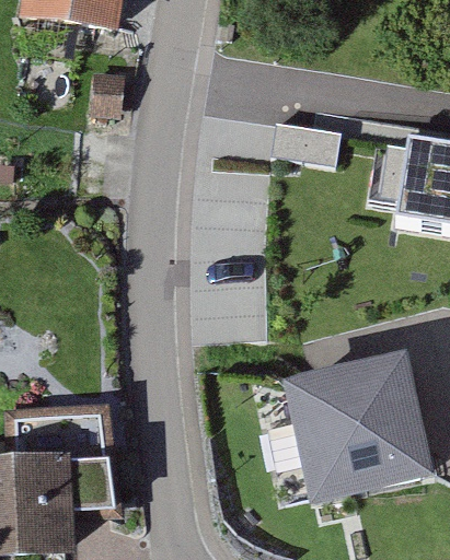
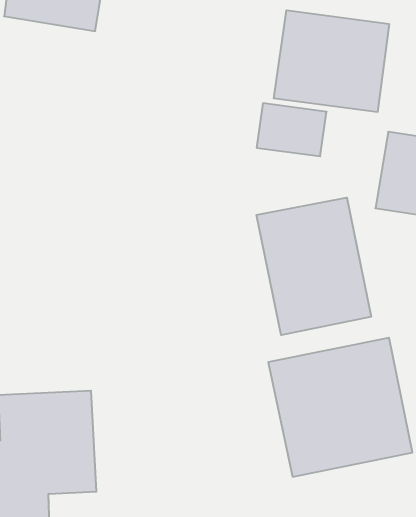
building: none -> [274,10,389,112]
building: none -> [256,198,371,335]

